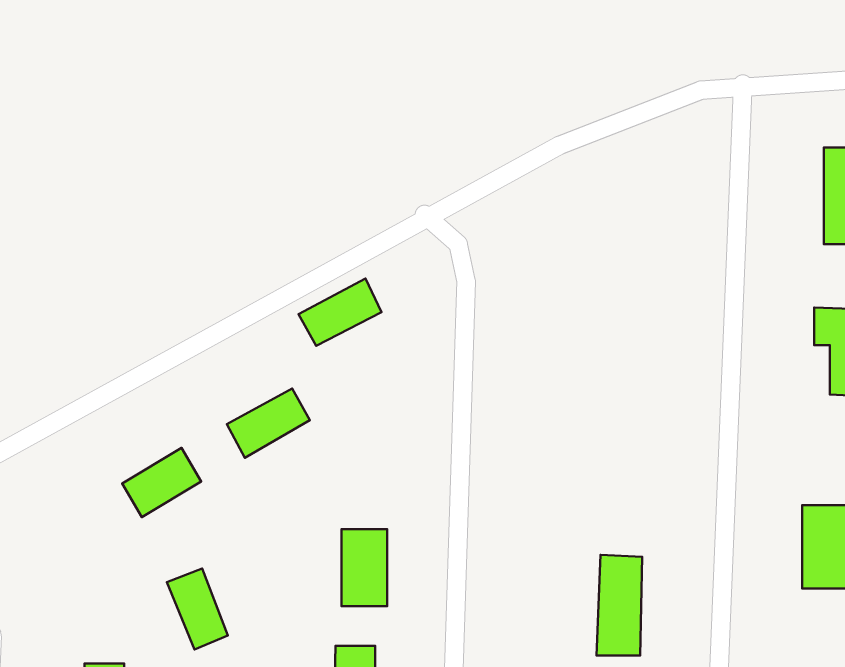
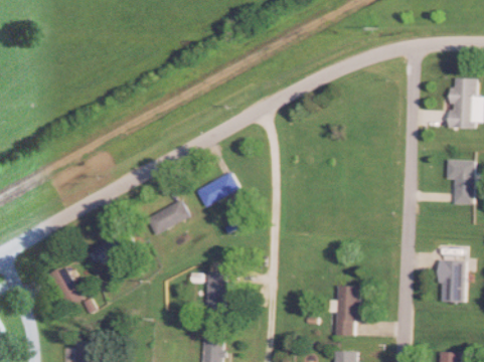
building: [298,278,381,346] -> [196,172,238,206]
building: [167,568,228,649] -> [49,265,80,307]

